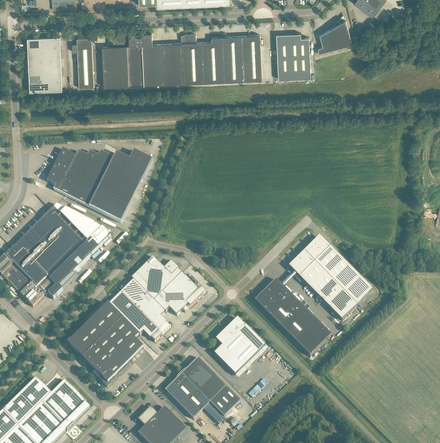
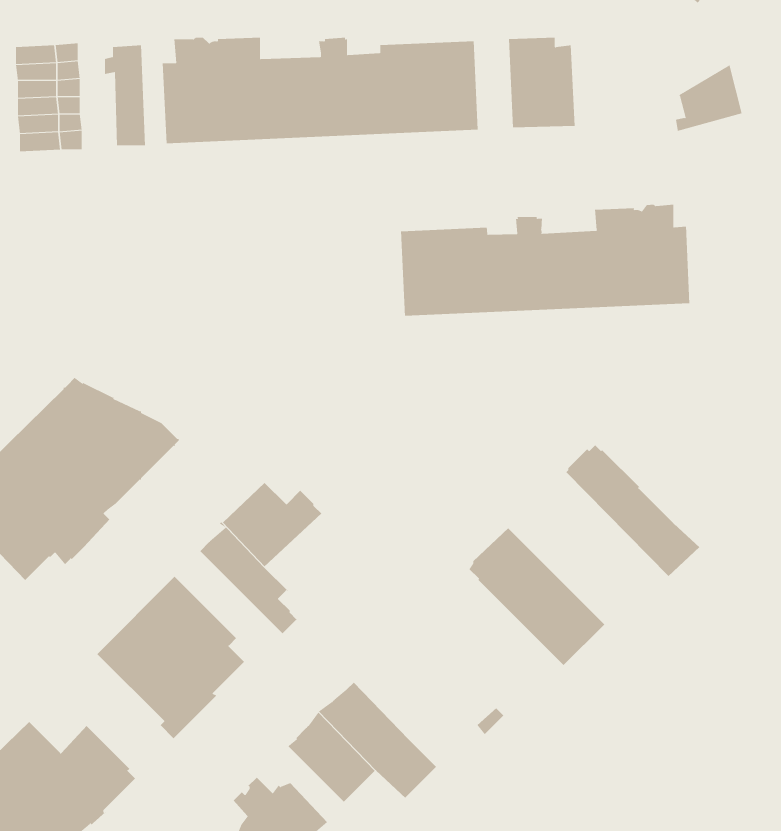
building: [317,18,351,52] -> [675,64,742,131]
building: none -> [401,204,690,317]
building: [46,149,152,223] -> none
building: [290,252,357,320] -> none
building: [153,273,205,315] -> none
building: [107,292,162,342] -> none
building: [214,318,265,375] -> none

